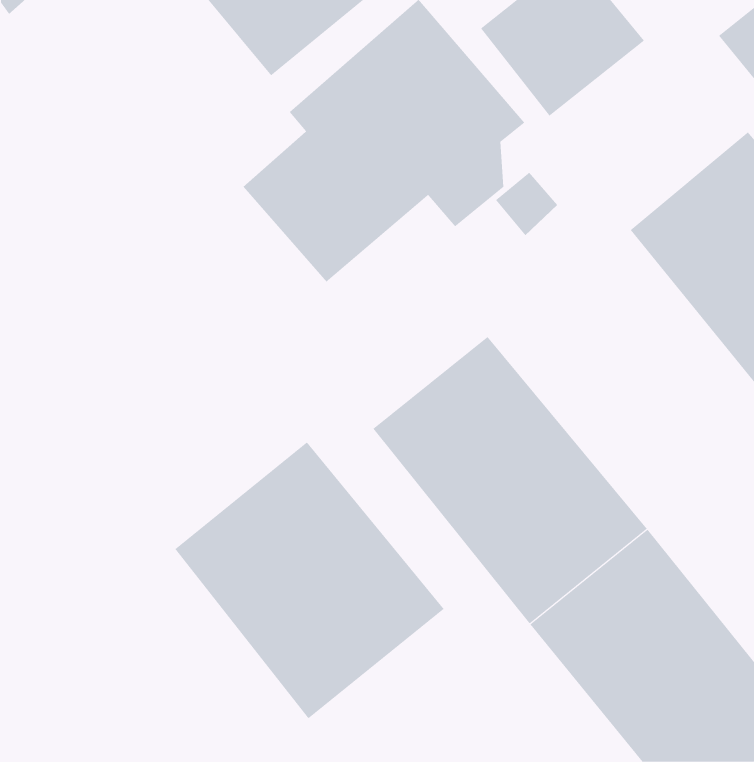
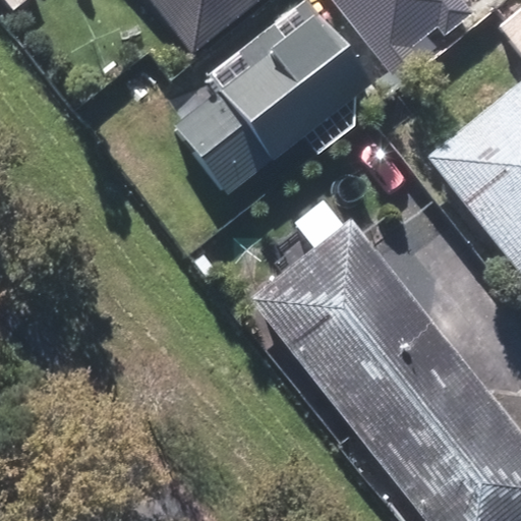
building: [175,441,445,719] -> none

